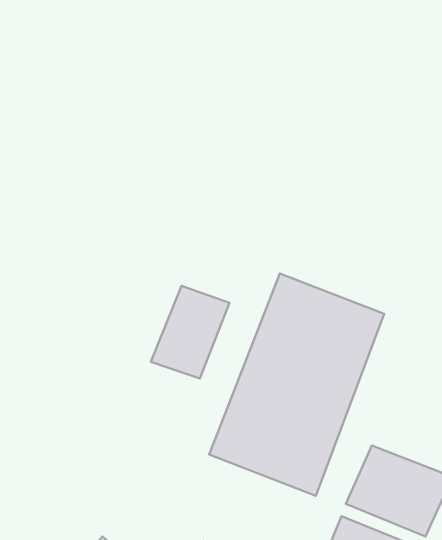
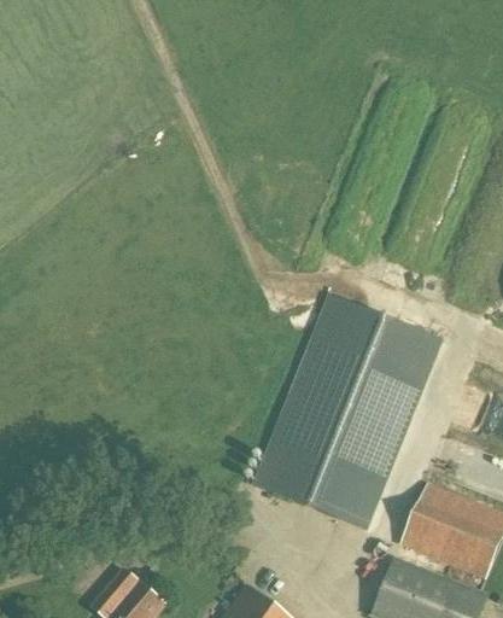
building: [151,286,229,378] -> none

